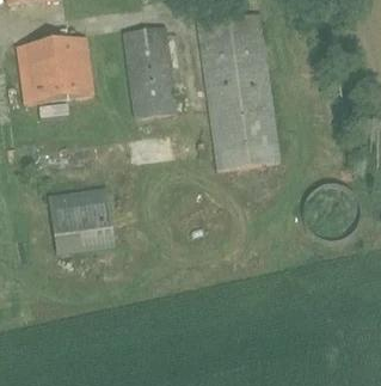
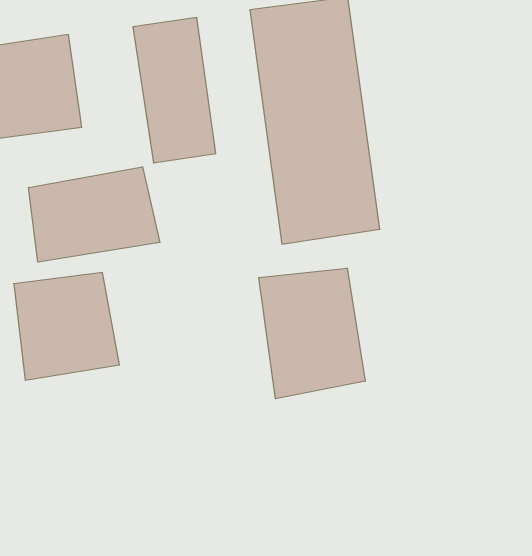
building: none -> [29,167,160,262]
building: none -> [259,268,365,399]

